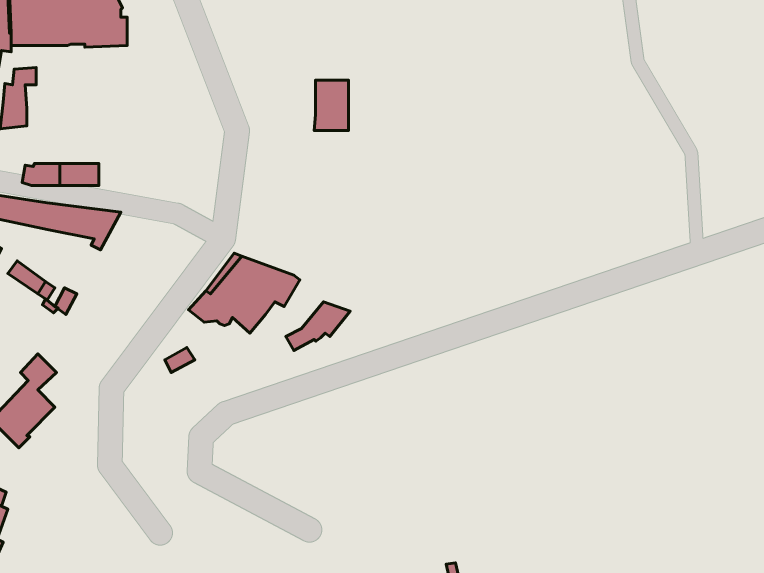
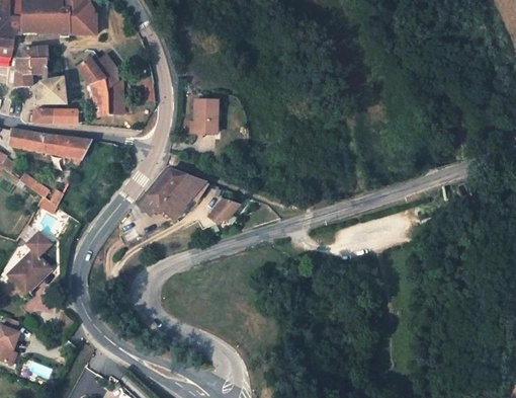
building: none -> [30,47,49,74]
building: [314,80,349,131] -> [194,100,217,133]
building: none -> [77,57,123,117]
building: none -> [37,77,67,104]

